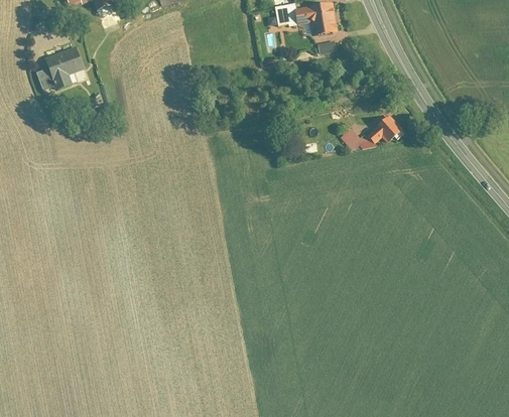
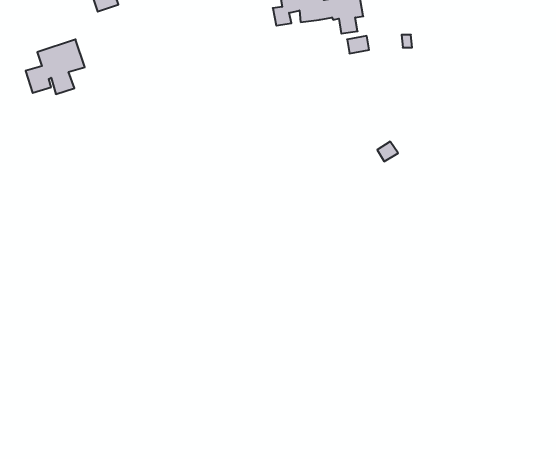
building: [366,116,398,141] -> none

